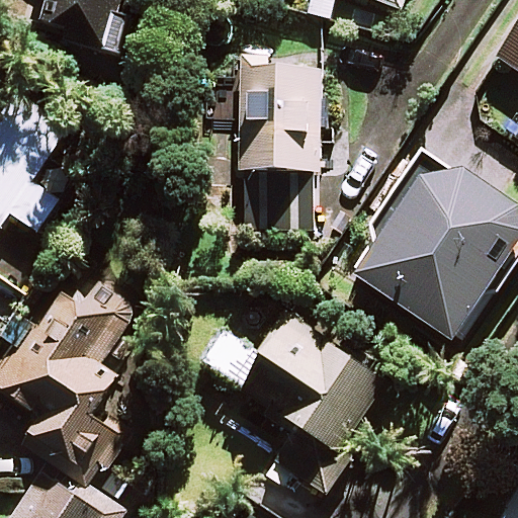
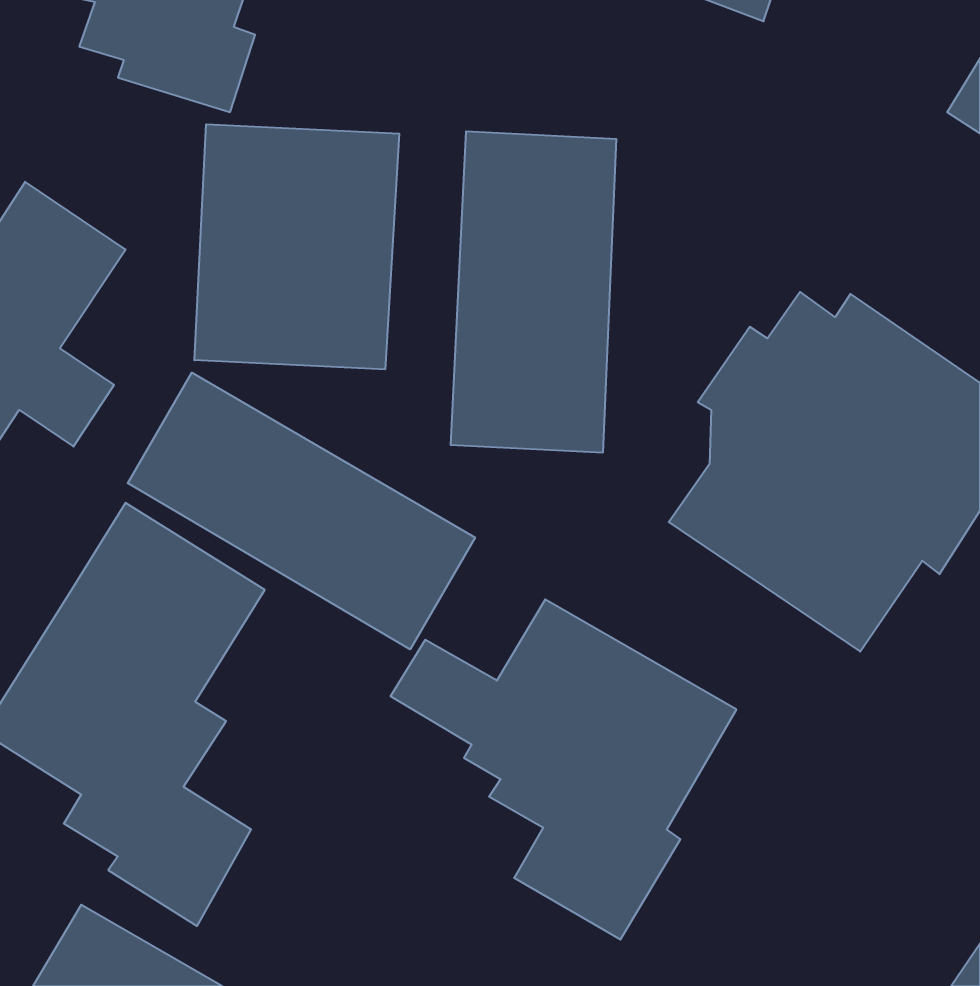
building: none -> [194,124,399,369]
building: none -> [128,373,475,649]

